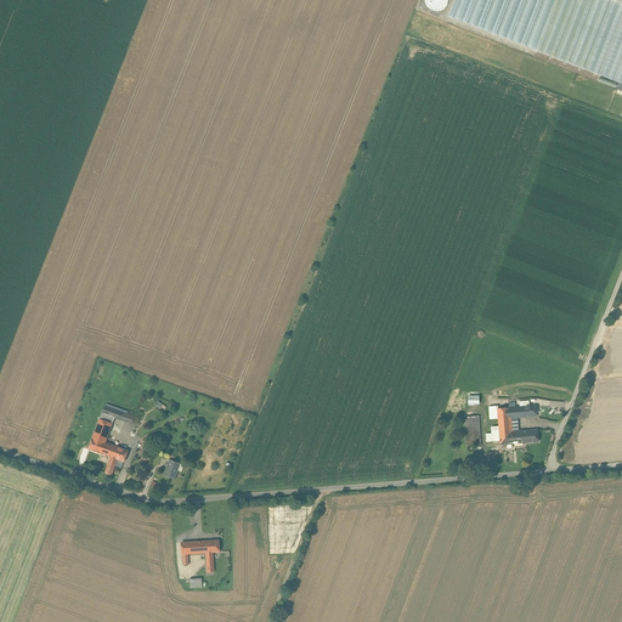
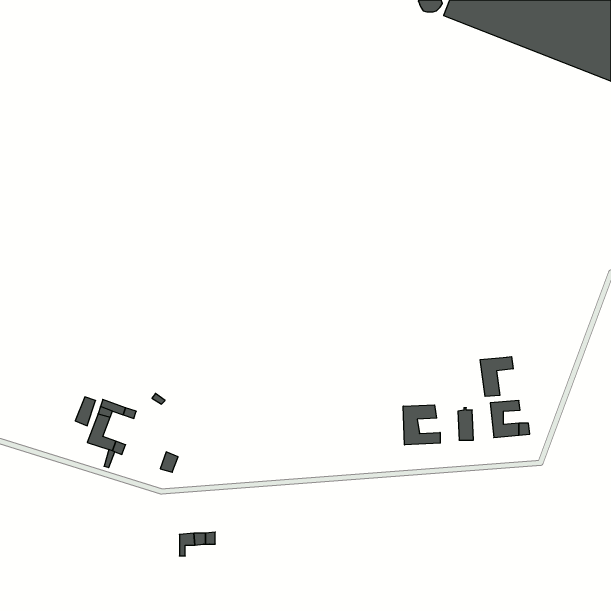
building: none -> [480,357,513,396]
building: none -> [403,405,440,445]

